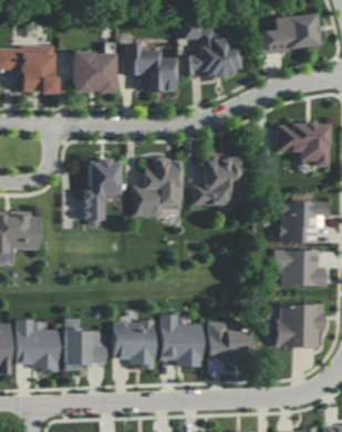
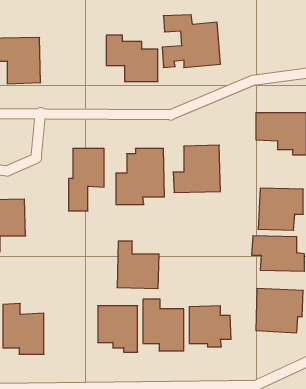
building: [256,13,320,52] -> none
building: [73,51,115,93] -> none
building: [64,318,107,367] -> [117,241,159,289]

